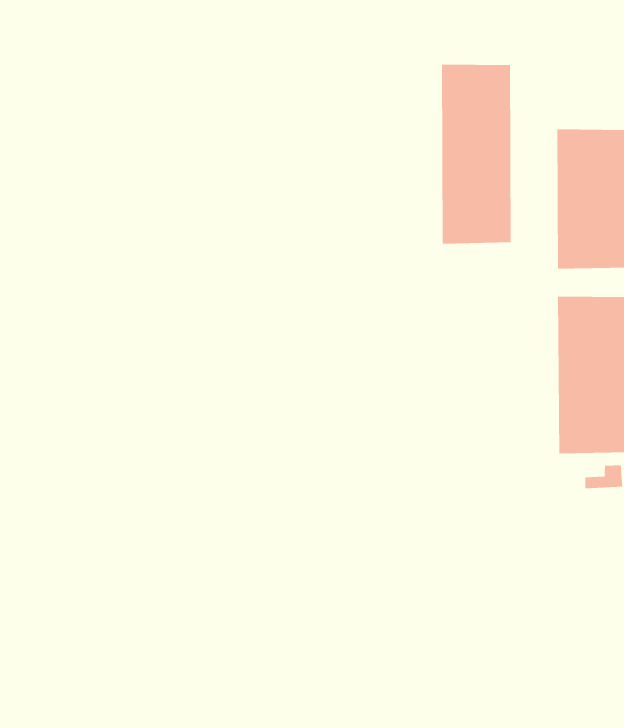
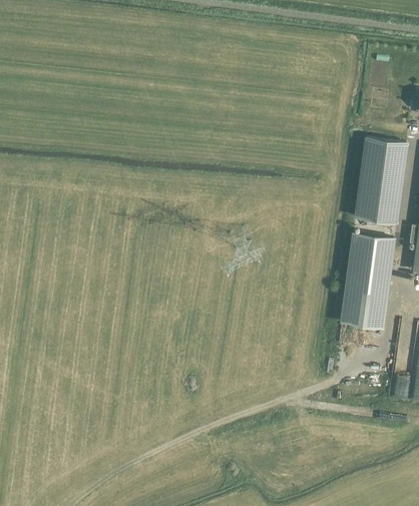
building: [441,64,512,244] -> none

